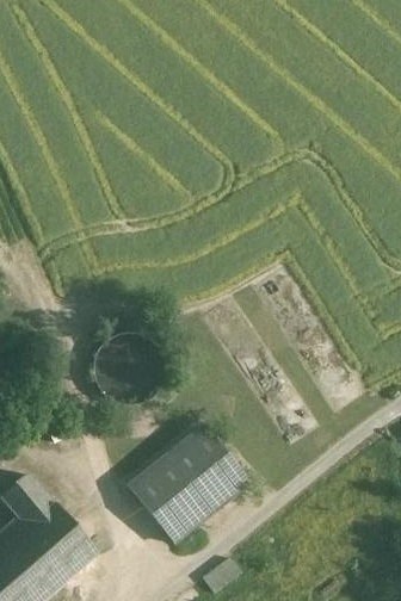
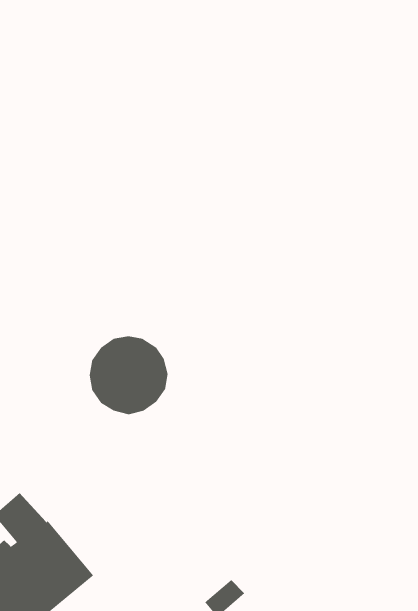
building: [129,427,248,541] -> none

